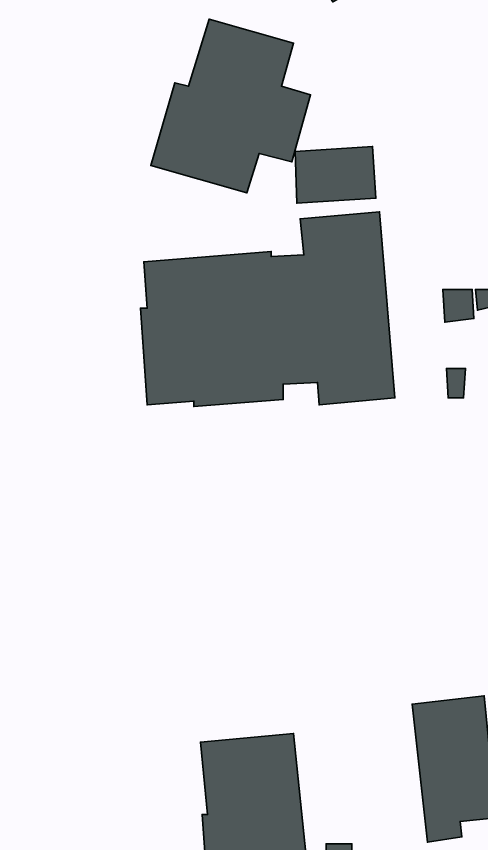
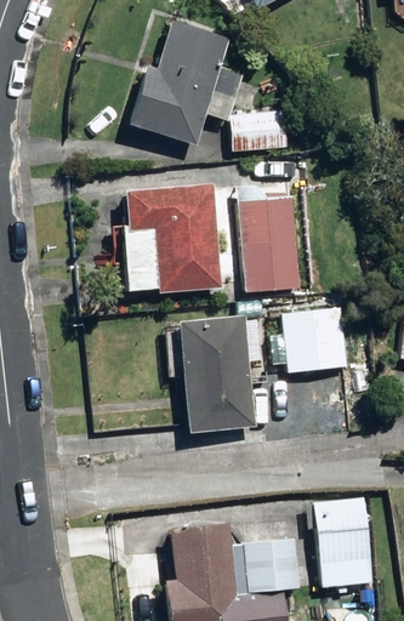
building: none -> [281,307,348,371]
building: none -> [180,314,256,432]
building: none -> [244,540,298,591]

